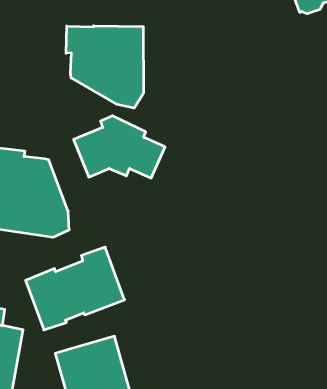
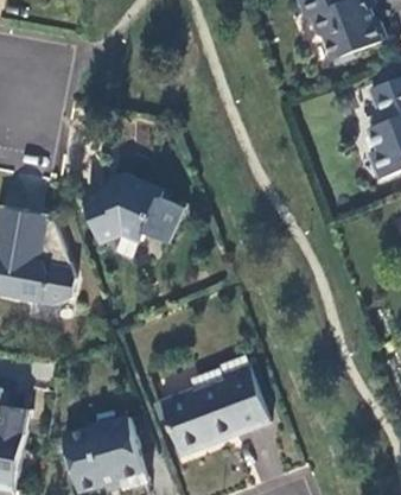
building: [66,26,143,108] -> none
building: [26,247,125,330] -> [160,363,269,455]

